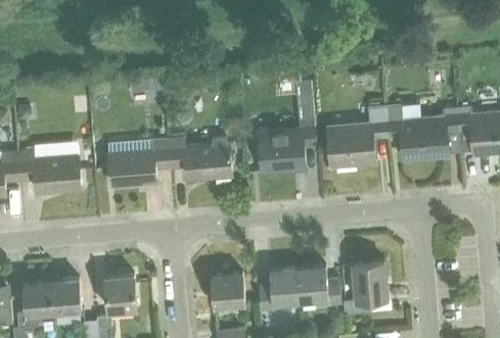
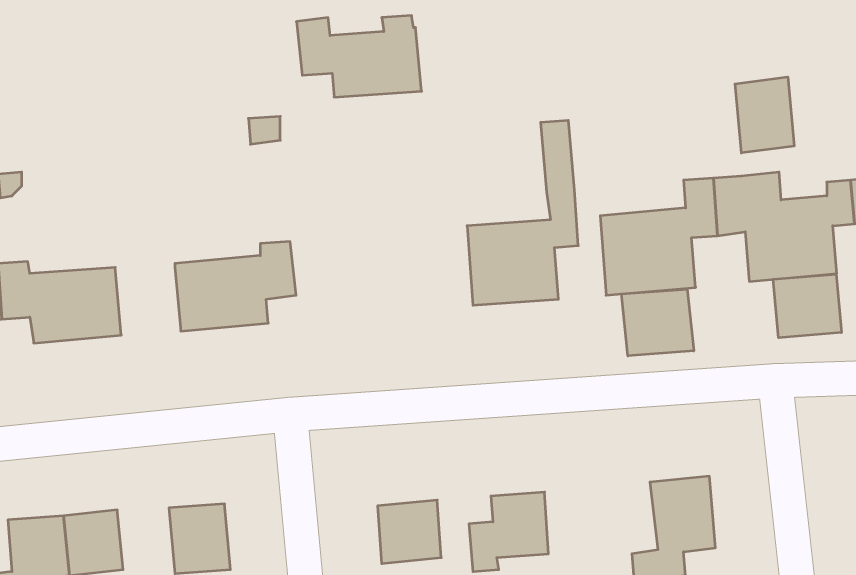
building: none -> [735,77,794,153]
building: [167,138,231,180] -> [296,16,422,97]
building: none -> [773,274,841,338]
building: none -> [621,289,694,356]
building: [298,267,339,305] -> none

